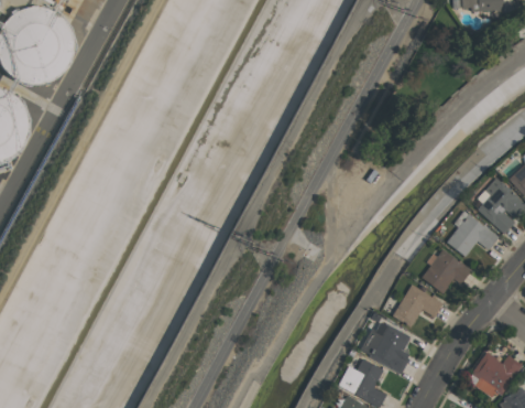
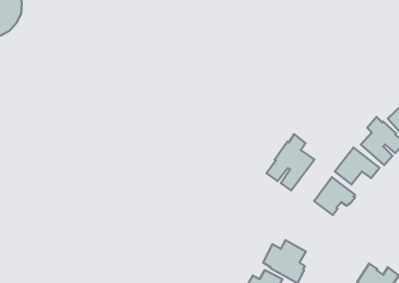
building: none -> [266,134,314,191]
building: [393,283,442,326] -> none

